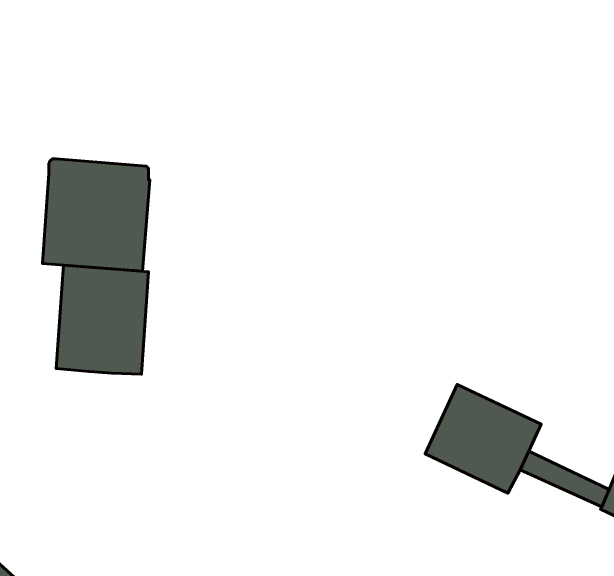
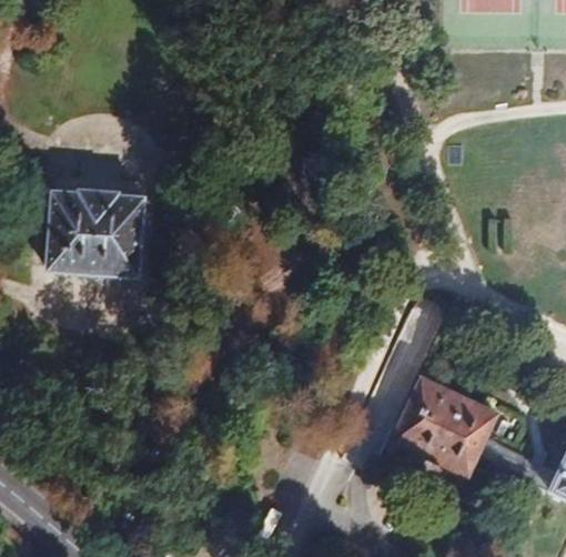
building: [56,265,148,374] -> none

